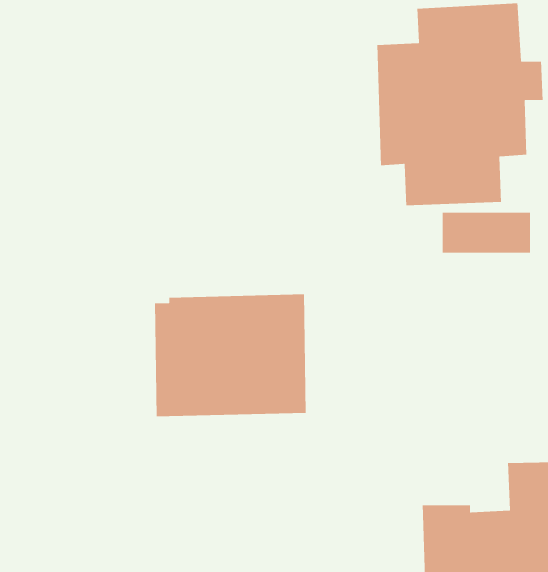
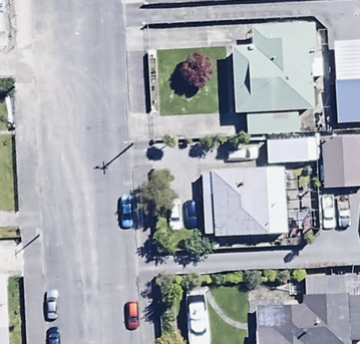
building: [154,293,307,417] -> [203,166,287,235]

